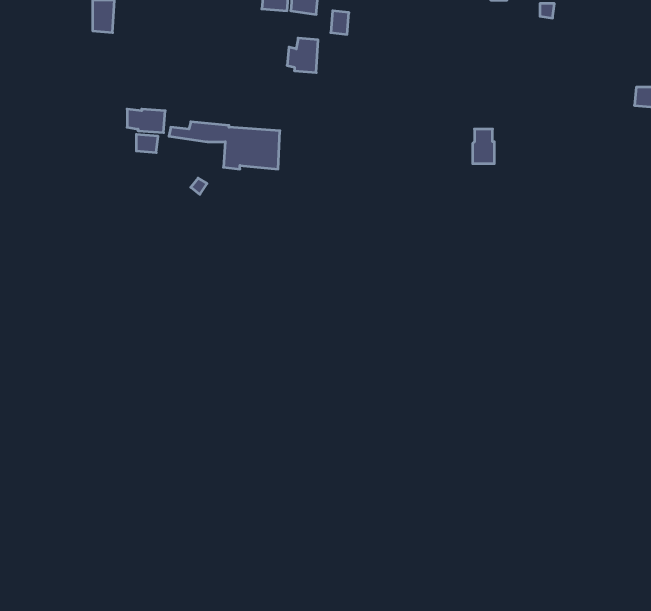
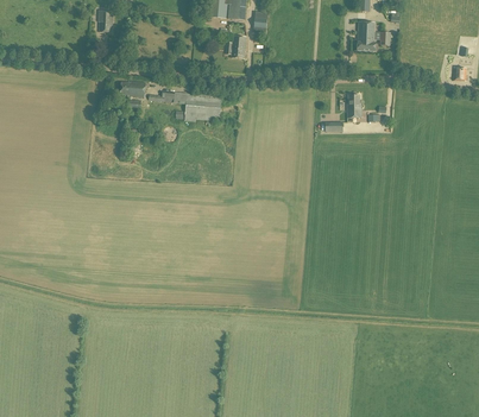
building: none -> [357,21,391,51]

